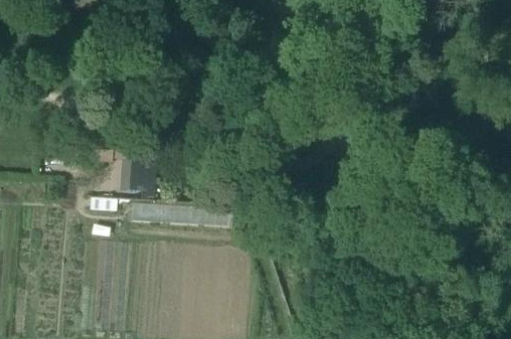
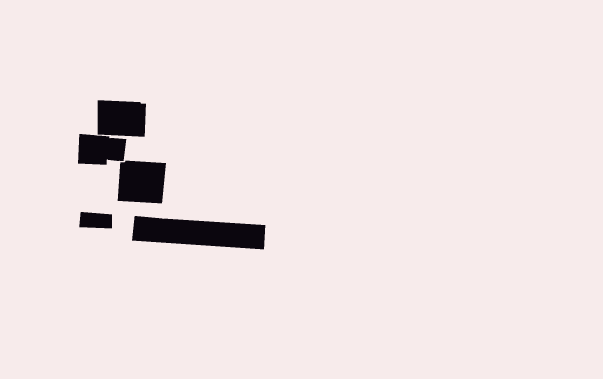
building: none -> [97,100,147,137]

